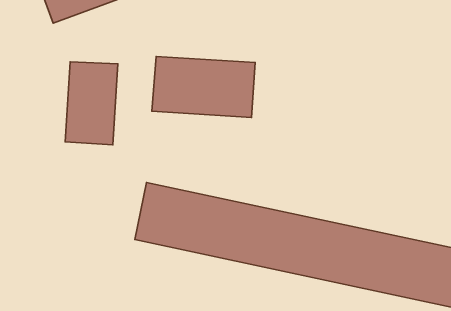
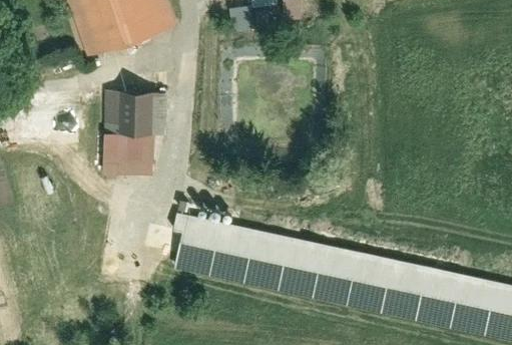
building: [152,56,255,117] -> none

